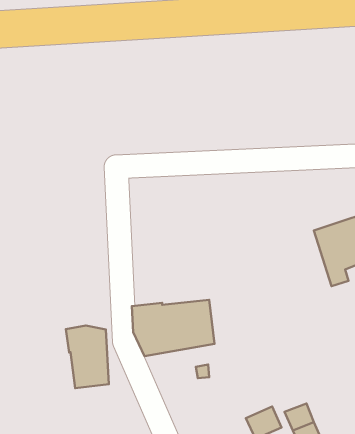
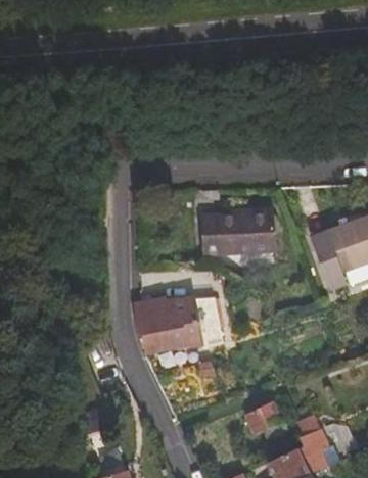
building: none -> [200,217,276,257]
building: [66,325,109,388] -> none

